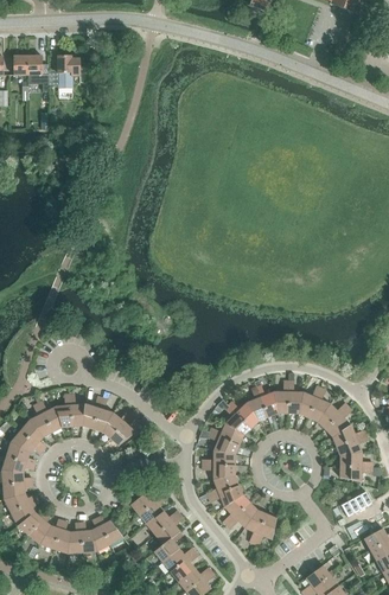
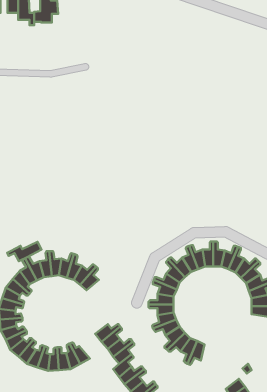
building: none -> [7,242,41,261]

